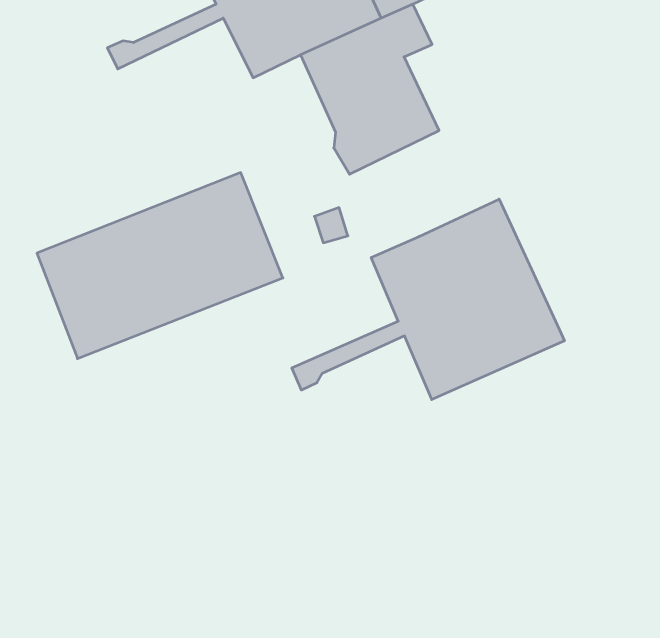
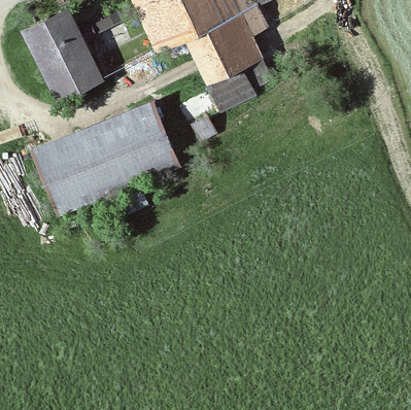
building: none -> [27,12,99,97]
building: [292,199,564,400] -> none

